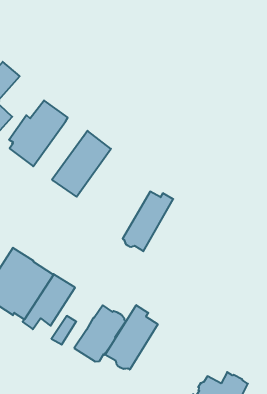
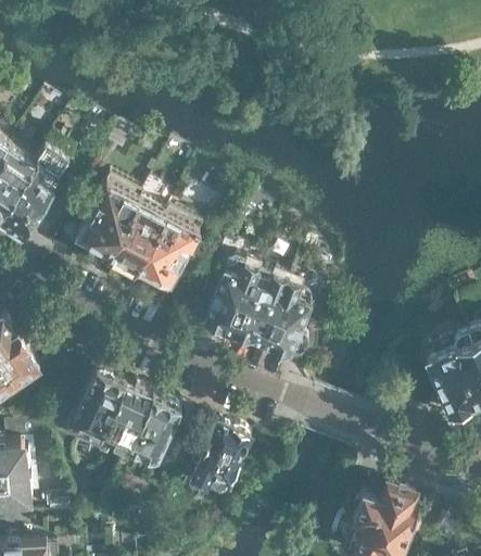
building: none -> [107,202,166,277]
building: none -> [203,263,261,339]
building: none -> [261,280,311,363]
building: [105,305,158,370] -> none

